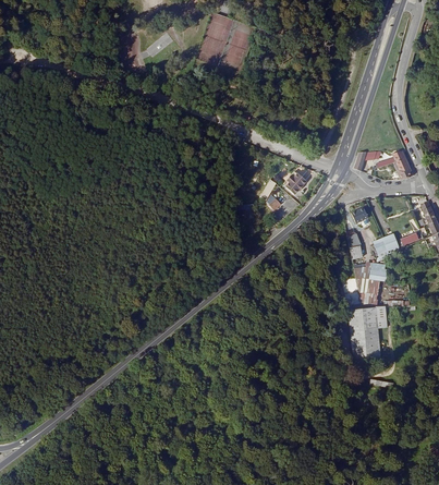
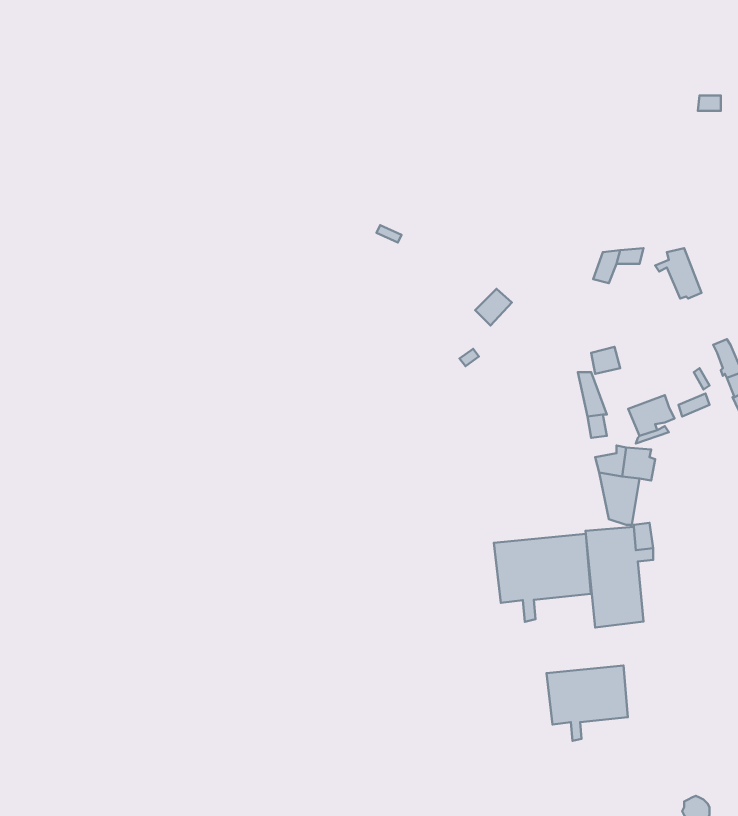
building: none -> [494,534,591,622]
building: none -> [546,666,628,741]

